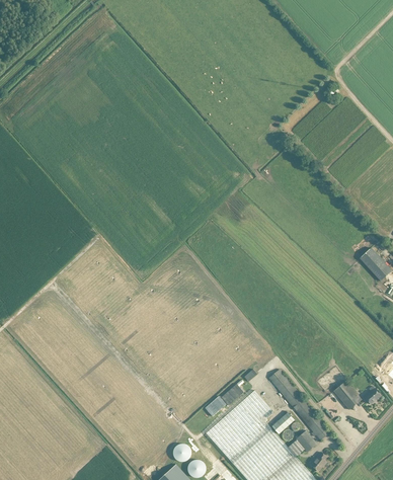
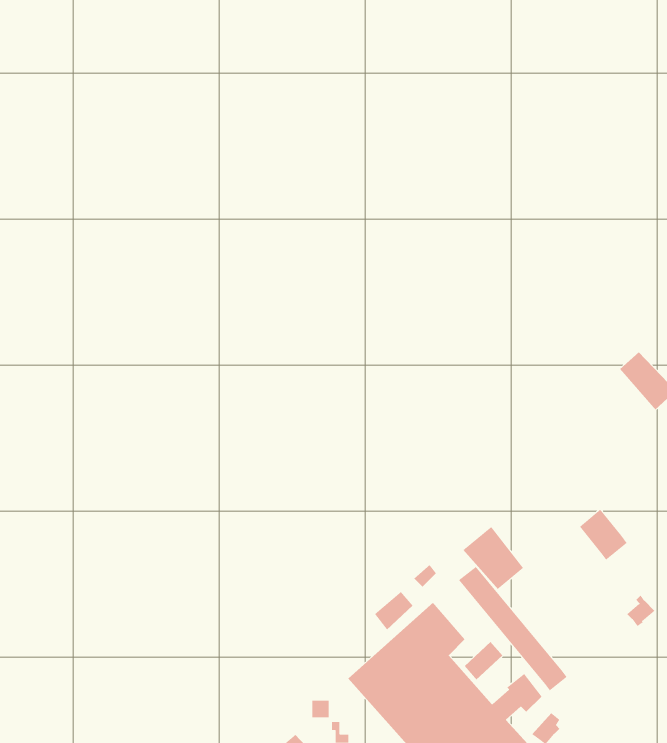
building: none -> [463,526,524,590]
building: [332,381,360,410] -> [579,509,627,561]

